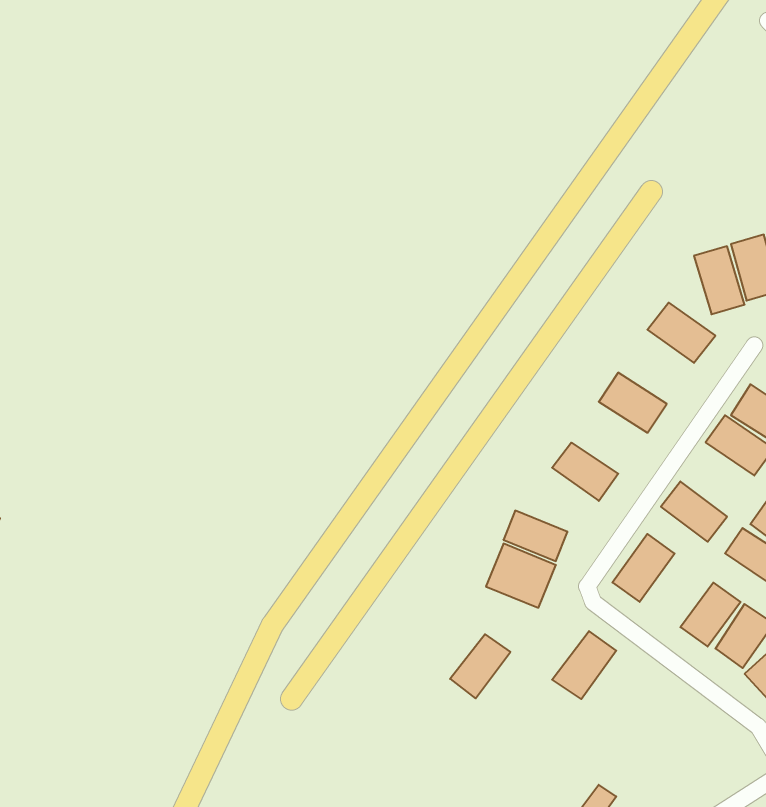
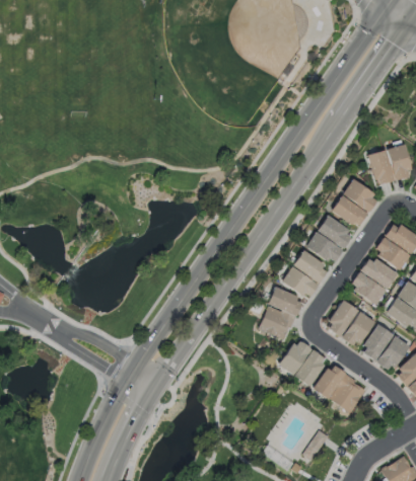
building: none -> [333,195,367,227]
building: none -> [307,232,341,263]
building: none -> [362,256,398,289]
building: none -> [283,267,318,299]
building: none -> [343,312,374,346]
building: [450,634,510,698] -> [279,340,310,374]
building: none -> [314,364,345,399]
building: none -> [333,378,366,412]

